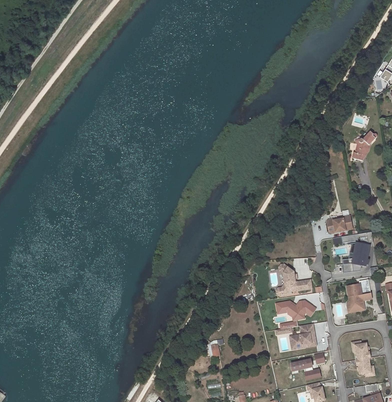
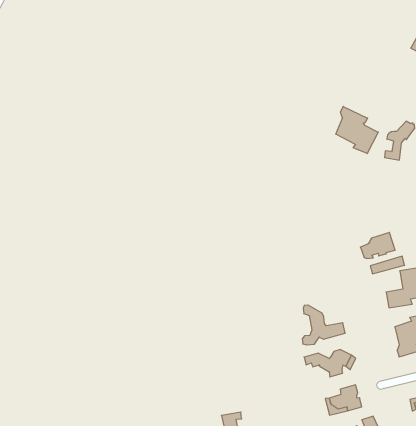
building: none -> [336,106,378,154]

